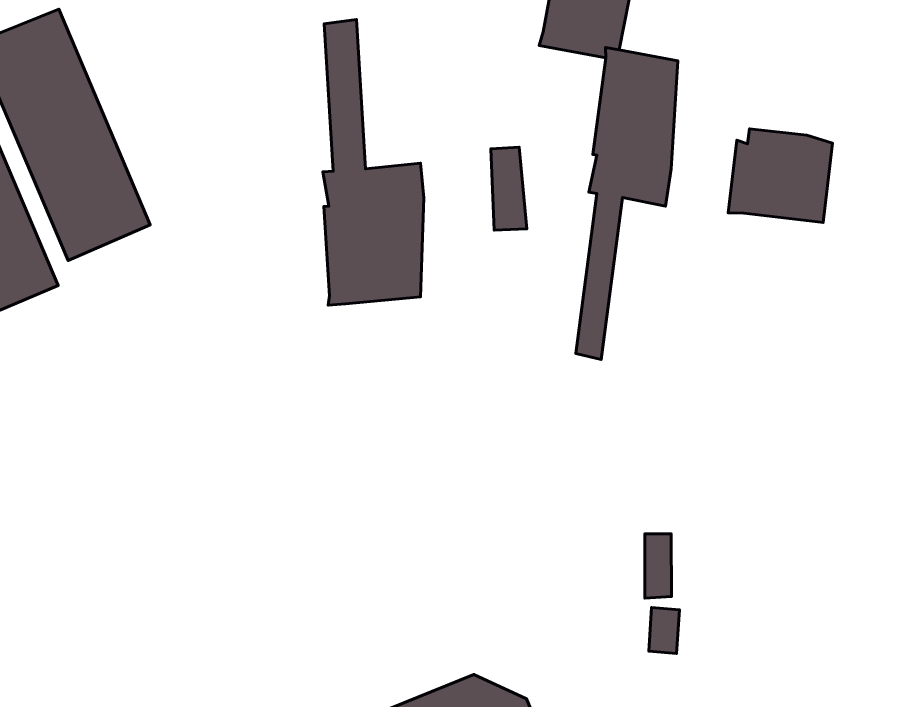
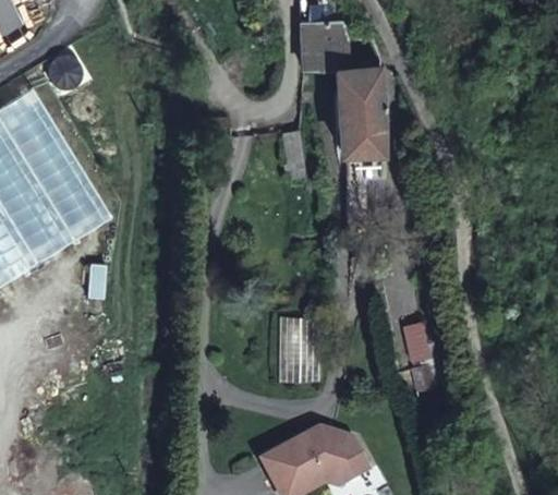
building: [323,20,424,305] -> none
building: [728,129,833,222] -> none
building: none -> [280,317,319,378]

